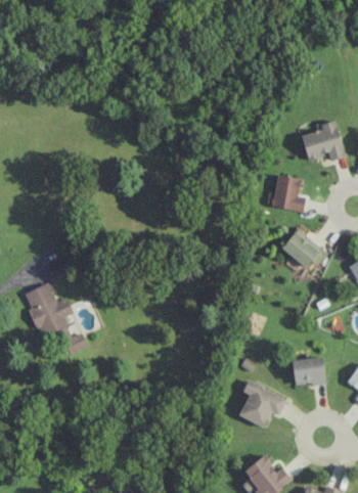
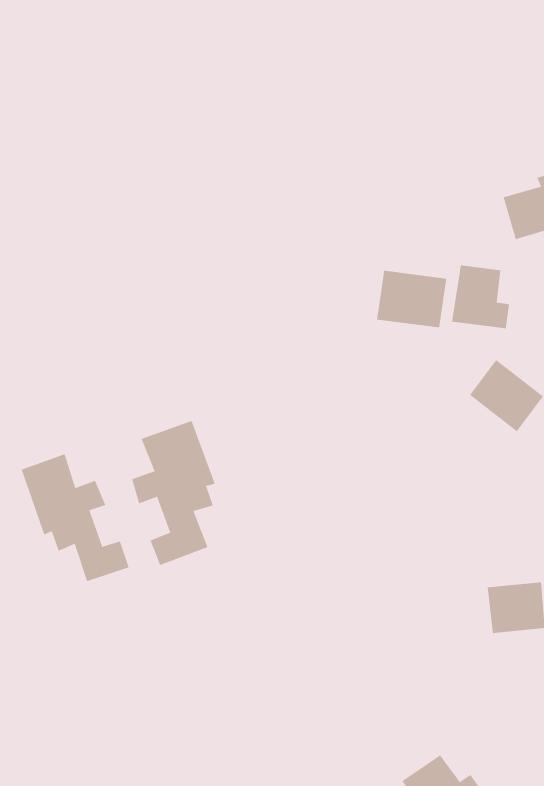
building: none -> [377,270,447,328]
building: none -> [131,420,216,566]
building: [238,380,286,428] -> none

